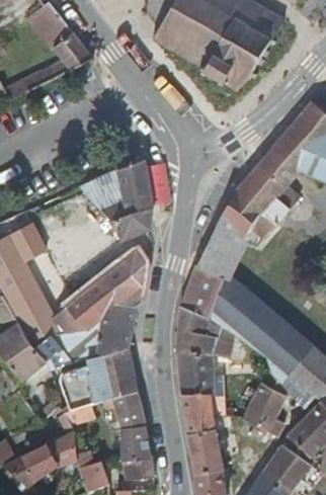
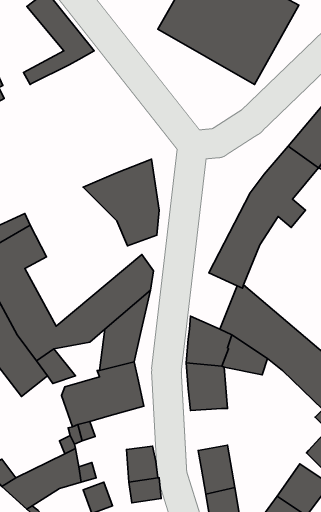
building: [181,266,225,319] -> none
building: [243,383,288,436] -> none
building: [105,391,146,431] -> none
building: [181,393,216,432] -> none

